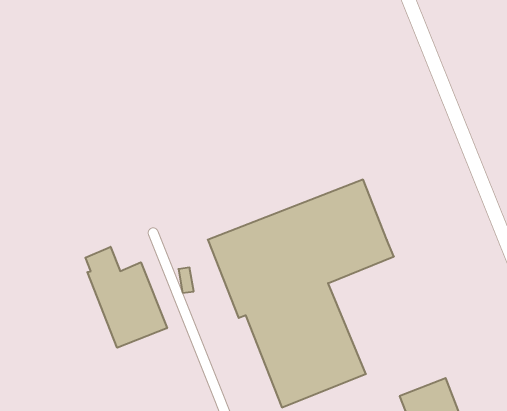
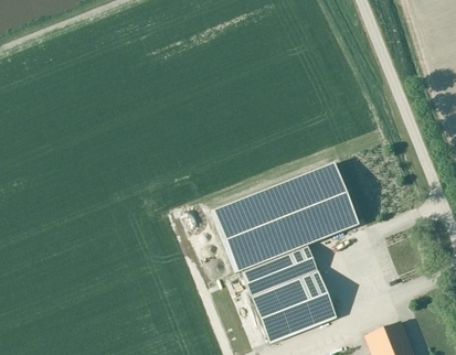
building: [85,247,167,348] -> none

